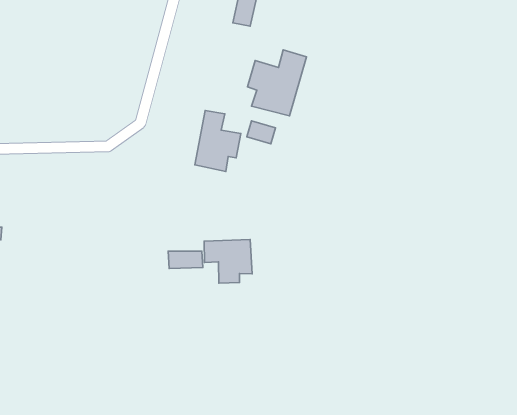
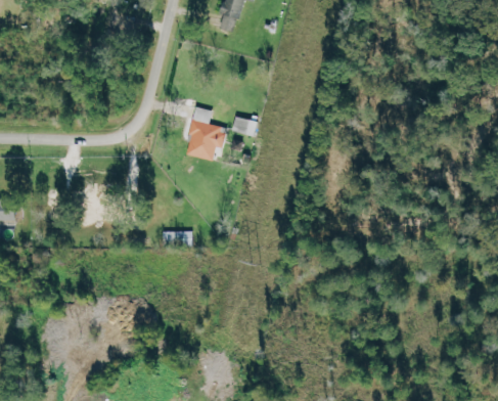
building: [247,50,306,116] -> none
building: [204,240,252,283] -> none

